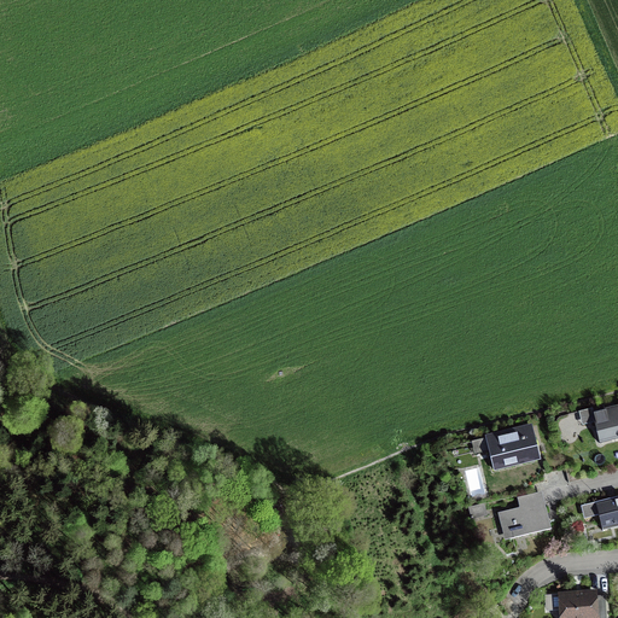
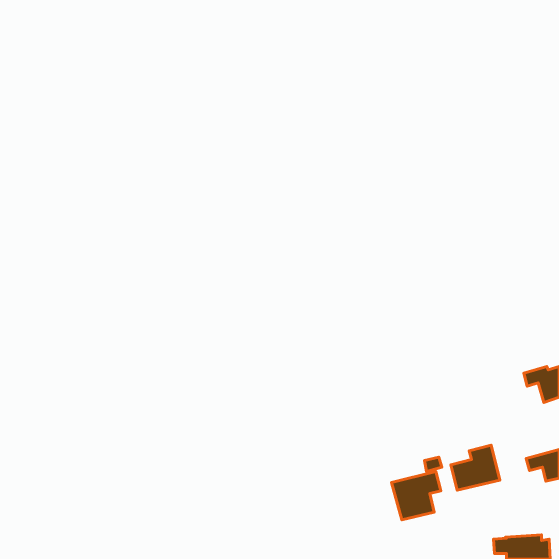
building: [485,424,540,471] -> none
building: none -> [392,471,441,520]

